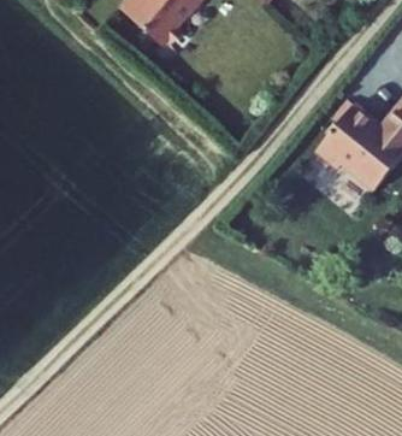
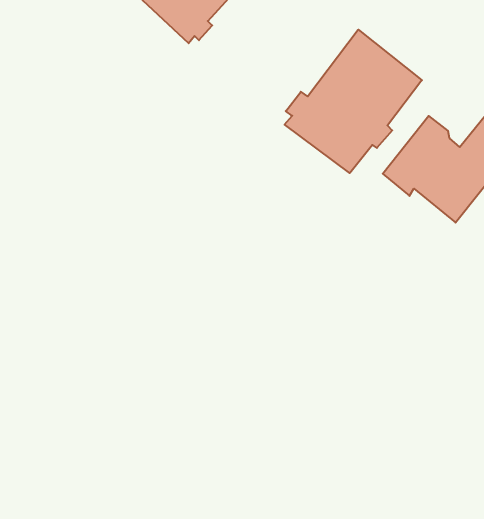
building: none -> [285,30,422,173]

